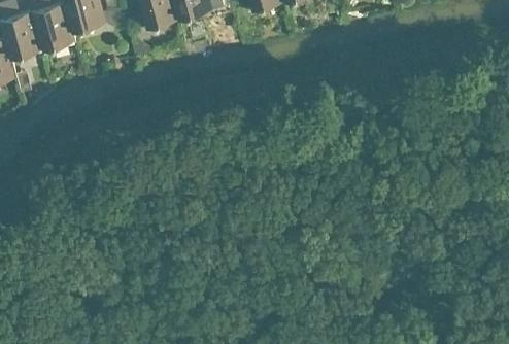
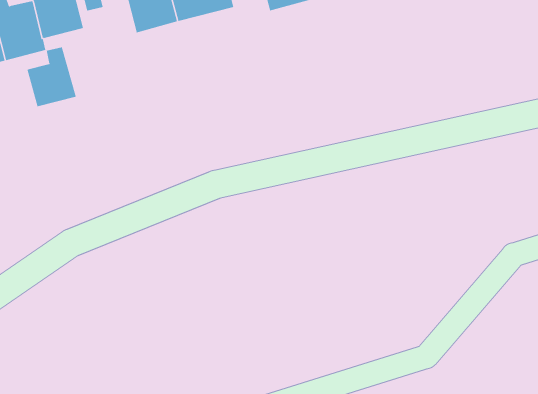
building: none -> [27,46,77,107]

